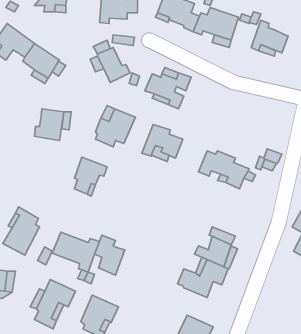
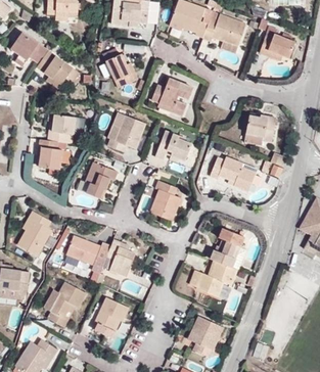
building: none -> [243,112,276,145]
building: none -> [39,140,63,171]
building: none -> [150,180,181,221]

